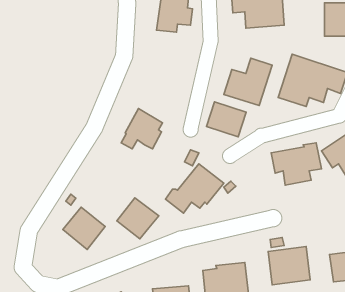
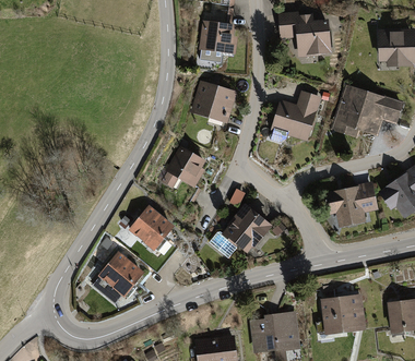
building: none -> [189,80,237,121]
building: [207,102,246,137] -> none
building: [117,198,159,239] -> [128,205,174,250]

